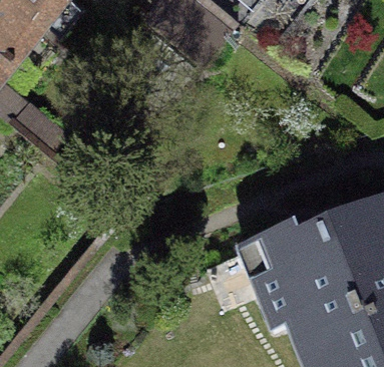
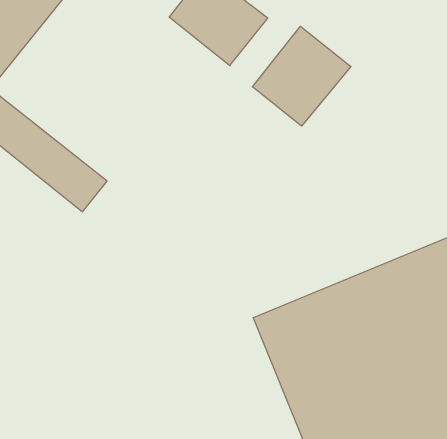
building: none -> [252,26,351,126]

